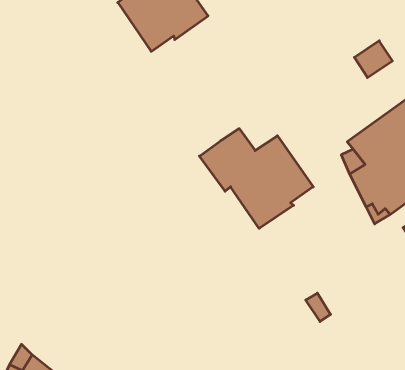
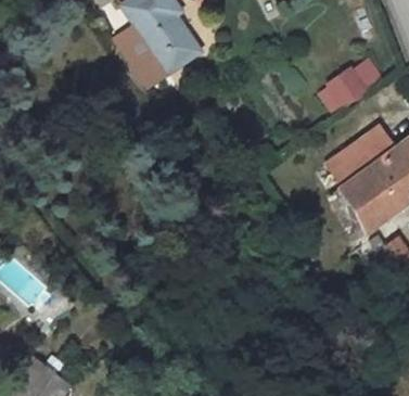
building: [199,129,313,228] -> none

